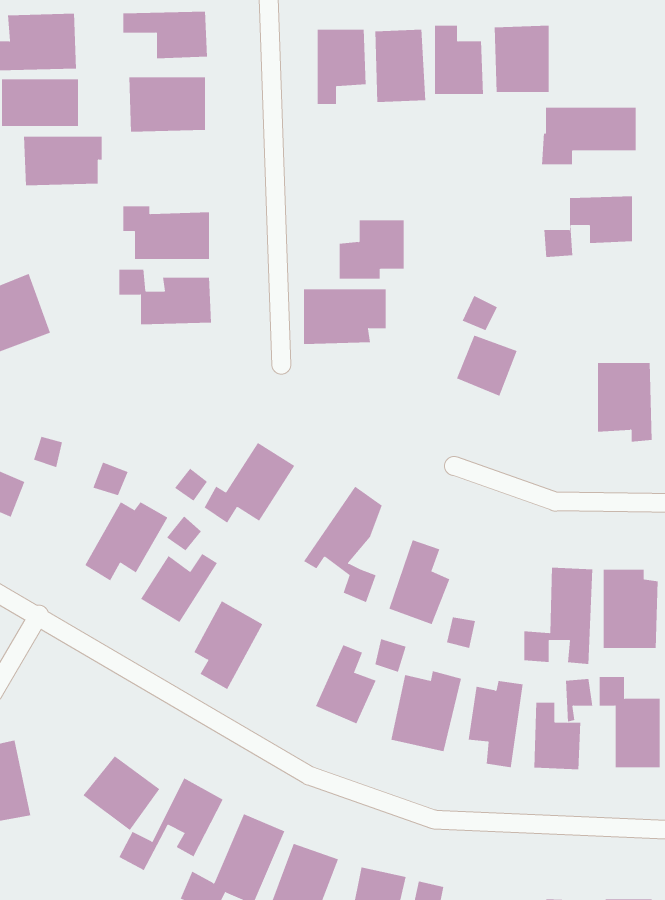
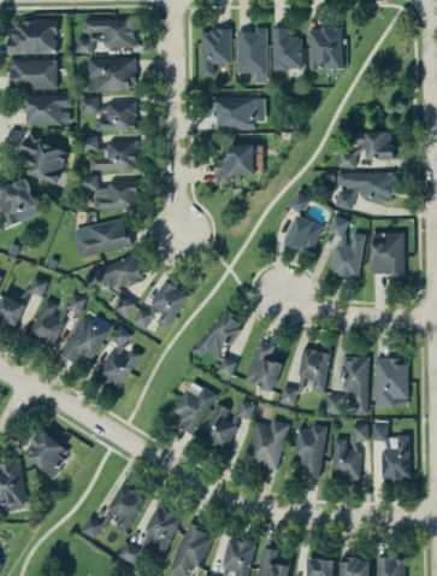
building: [541,107,637,165] -> [336,174,394,208]
building: none -> [81,98,136,131]
building: none -> [20,131,67,184]
building: [303,289,387,345] -> [214,98,265,131]
building: none -> [329,217,365,278]
building: none -> [73,219,132,257]
building: none -> [83,254,146,290]
building: none -> [28,299,64,348]
building: none -> [299,349,329,393]
building: [194,600,263,690] -> [173,381,215,435]
building: [83,756,160,831] -> [24,431,71,477]

